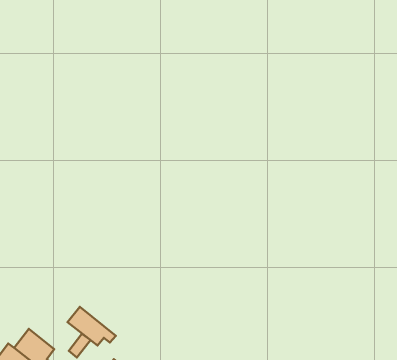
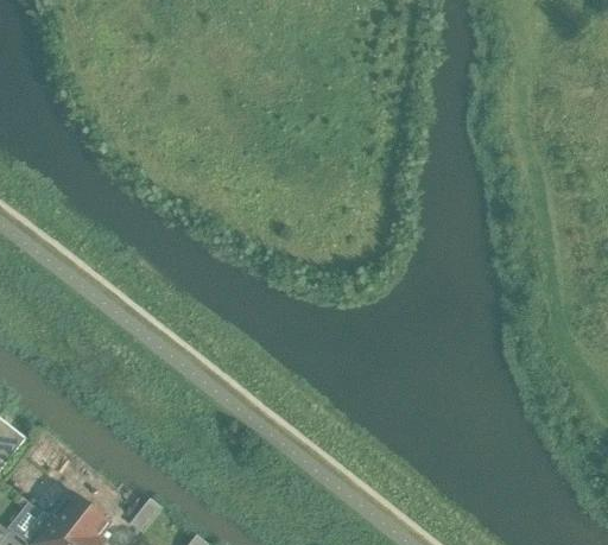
building: [68,307,116,346] -> none

